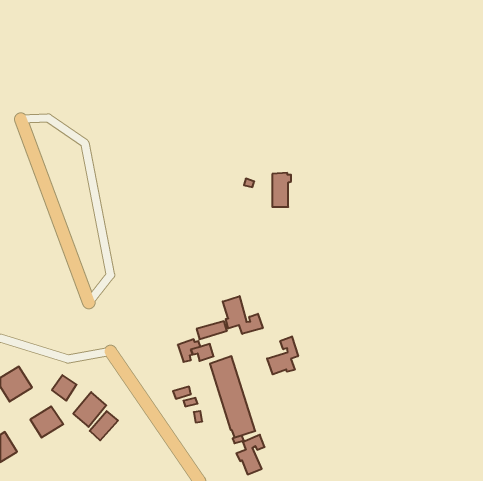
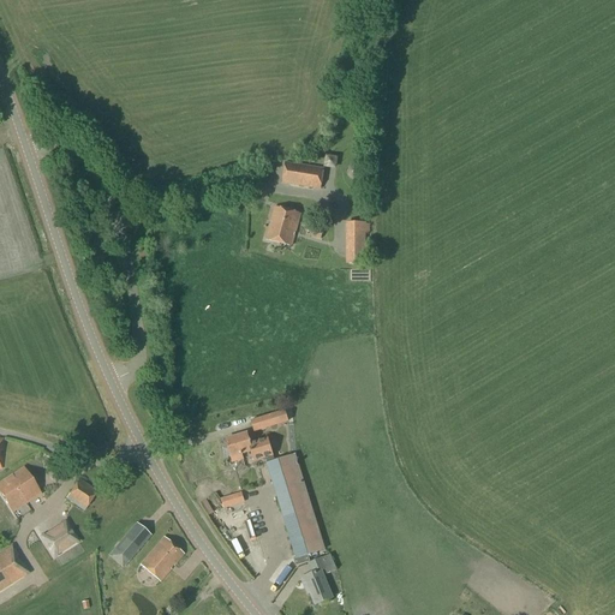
building: none -> [283,162,322,186]
building: none -> [265,205,300,244]
building: [223,296,263,334] -> none
building: [267,336,298,374] -> none
building: [73,392,106,427] -> [141,536,183,580]

